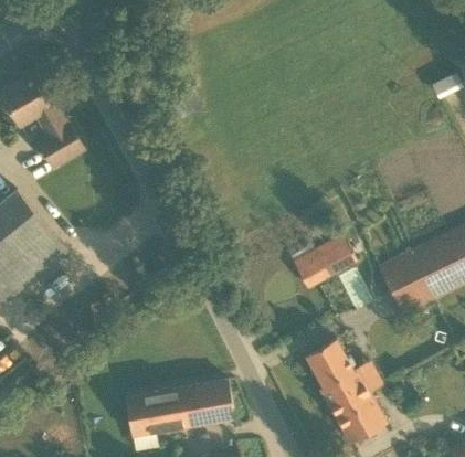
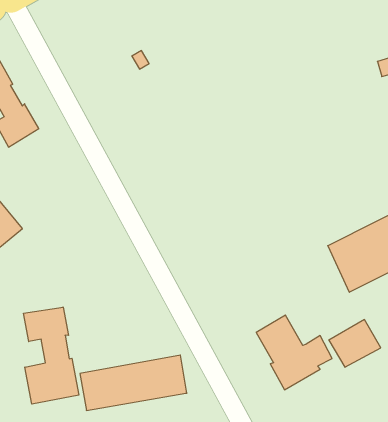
building: [292,233,357,288] -> none
building: none -> [24,307,79,404]
building: [334,393,387,442] -> [329,320,381,367]

